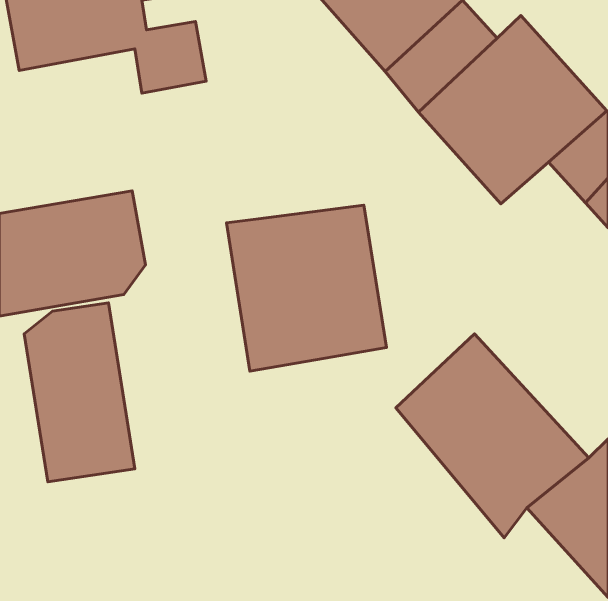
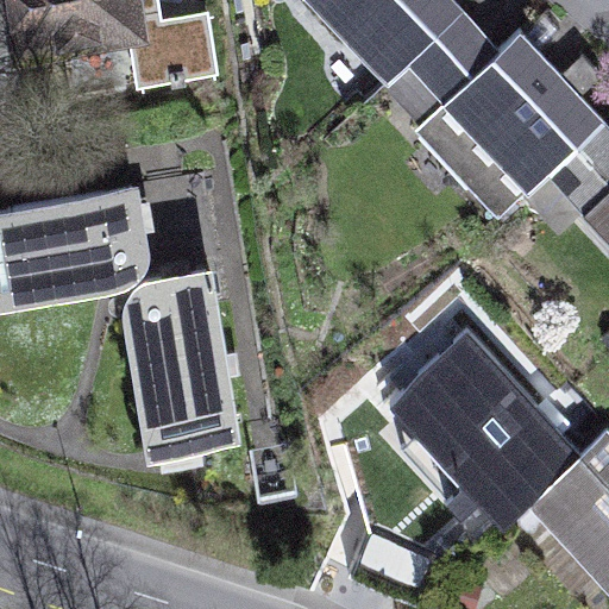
building: [227,205,387,371] -> none
building: [24,303,135,482] -> [120,277,231,456]

